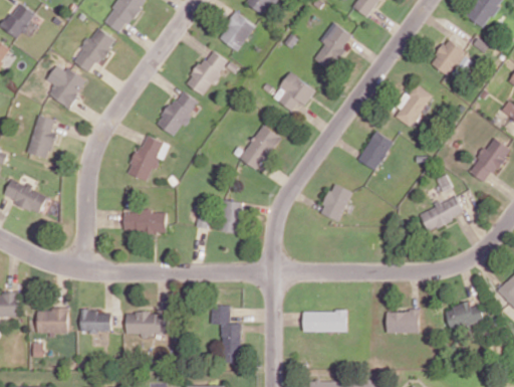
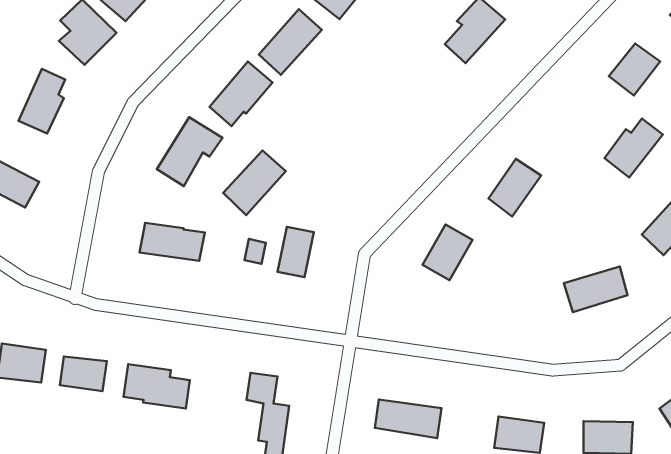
building: [272,71,316,111] -> none
building: [394,84,432,127] -> [604,118,663,178]
building: [240,125,281,171] -> [223,151,286,215]

